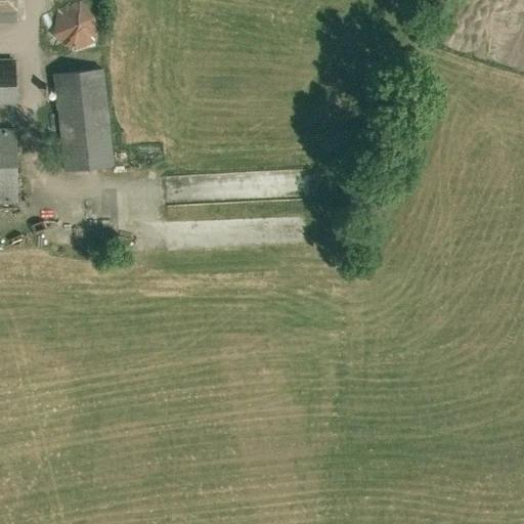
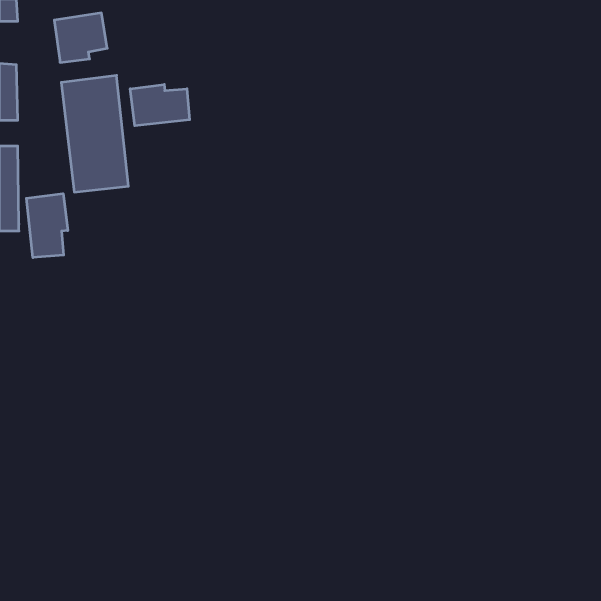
building: none -> [130,84,190,126]
building: none -> [26,194,68,258]

